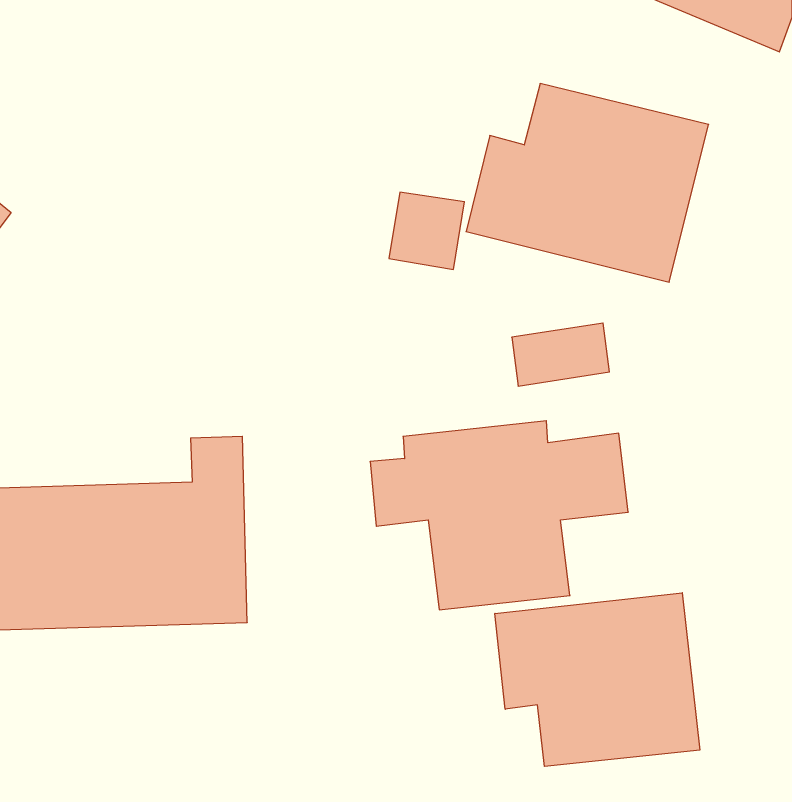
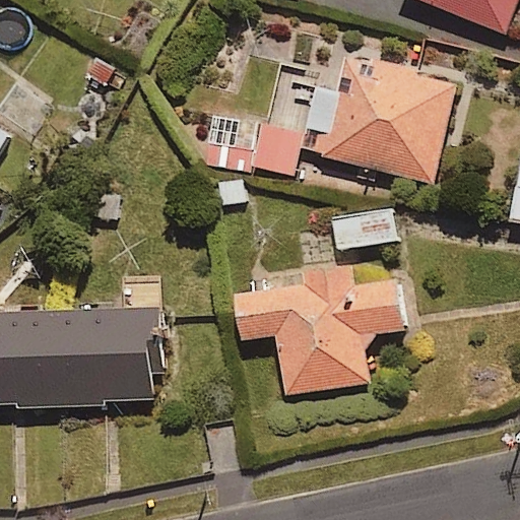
building: [495,593,700,766] -> none

